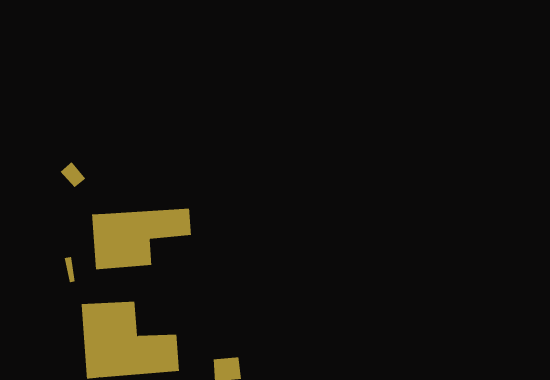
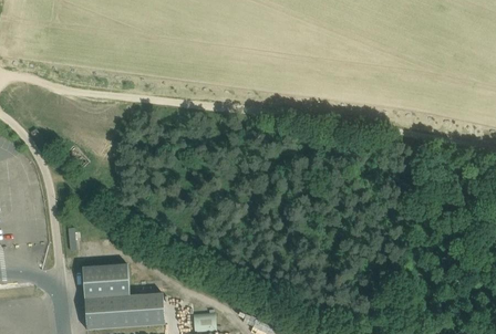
building: [92,208,191,270] -> none

